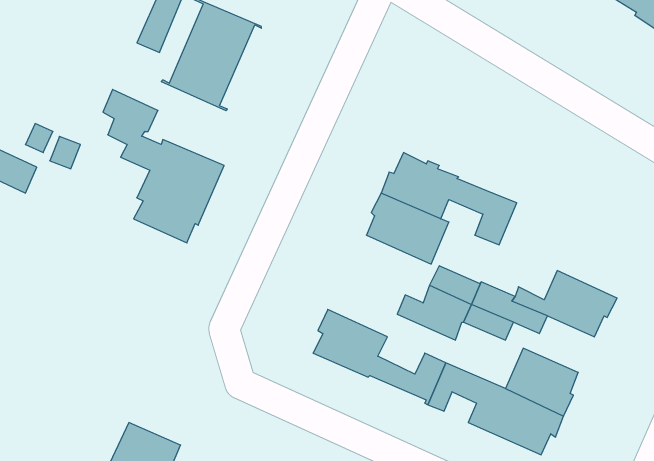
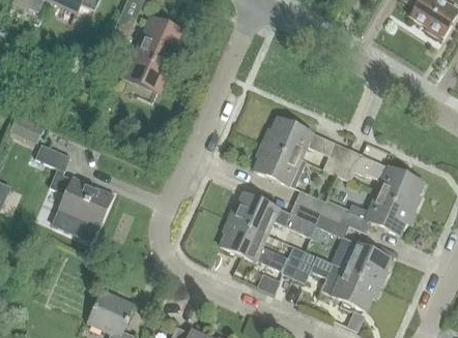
building: [103,89,224,243] -> [36,144,114,242]
building: none -> [339,149,424,210]
building: none -> [229,192,279,235]

